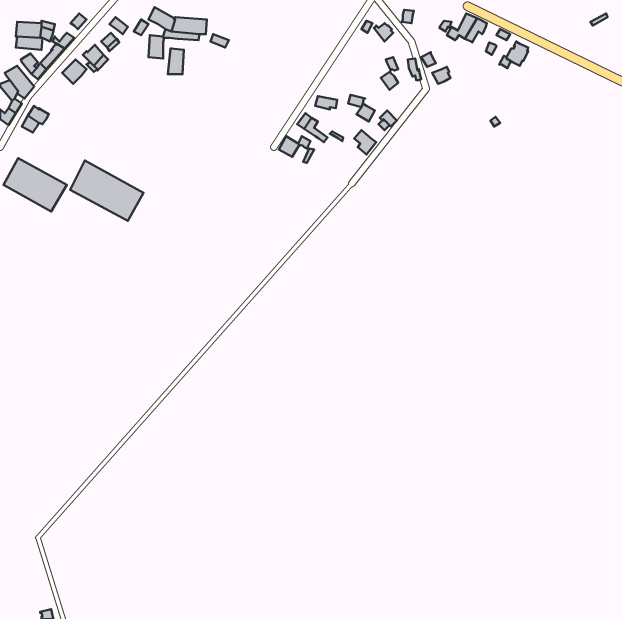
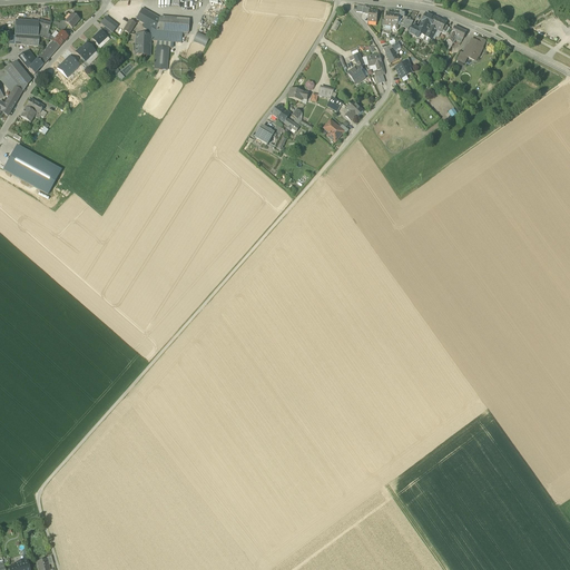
building: [70,161,144,221] -> none

